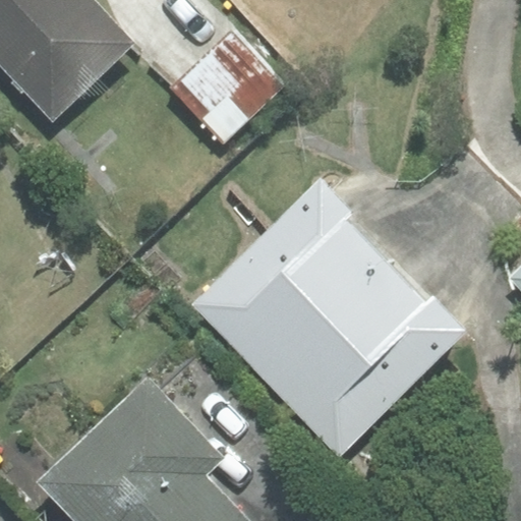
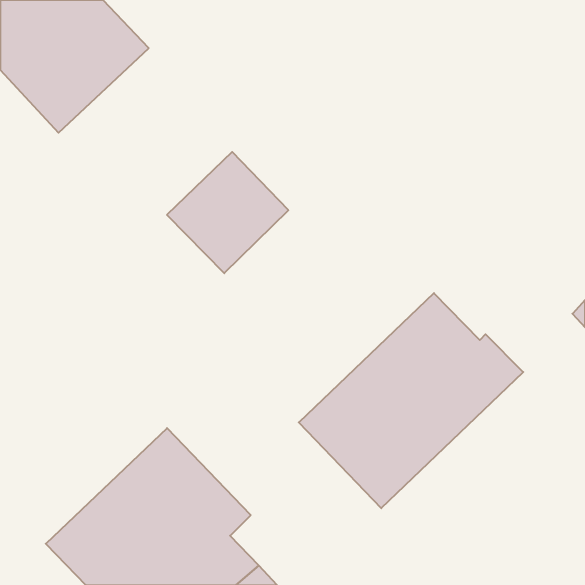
building: [174,33,282,140] -> [167,152,288,273]
building: [194,180,386,375] -> none

